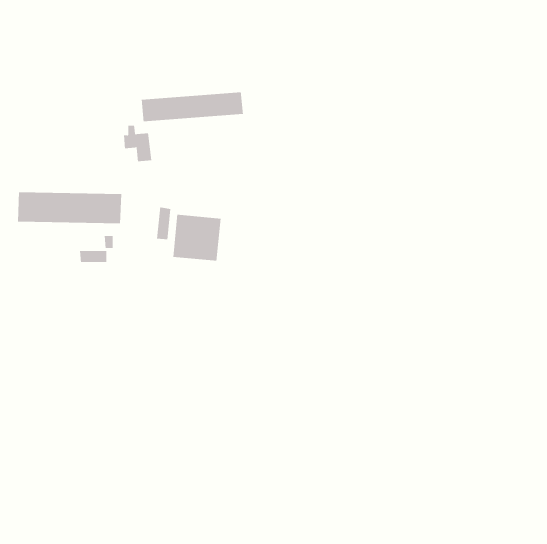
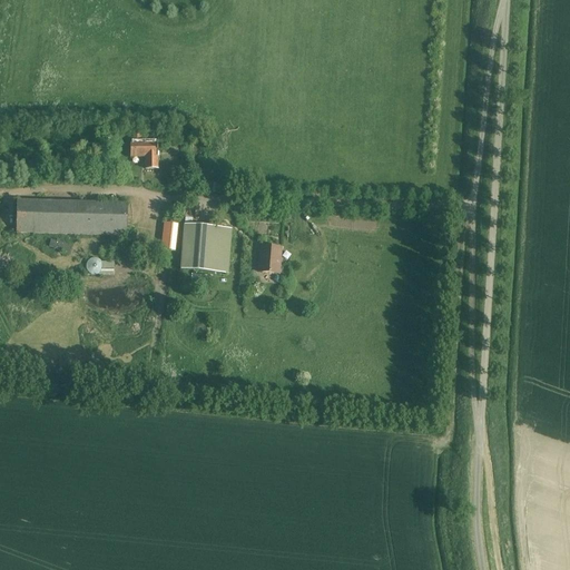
building: [141,92,243,122] -> none
building: none -> [258,244,279,271]

